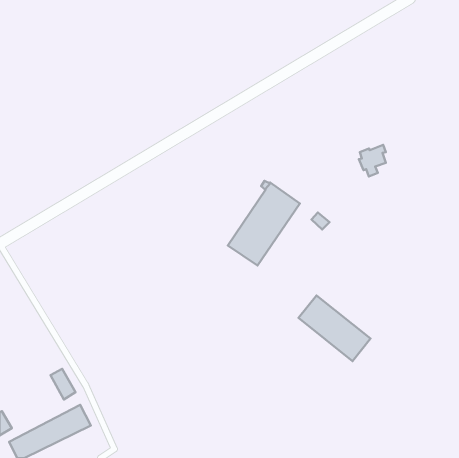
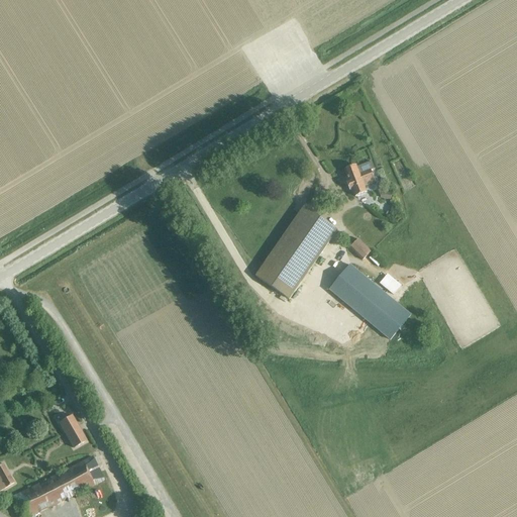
building: [359,145,386,176] -> [343,160,374,195]
building: [299,295,371,361] -> [329,264,410,337]

